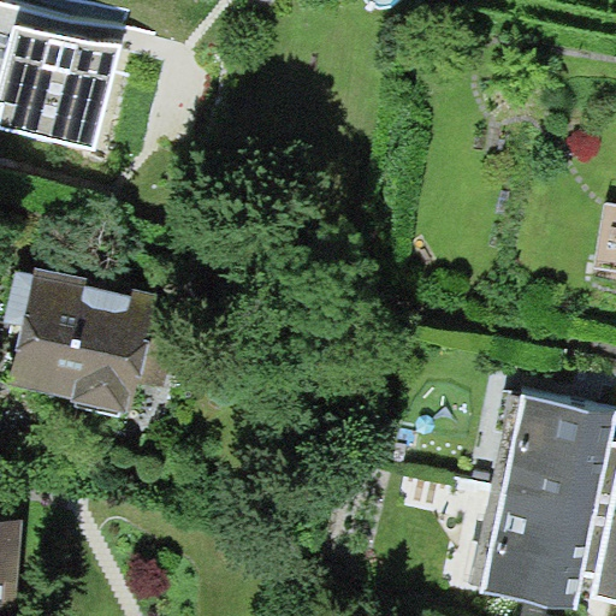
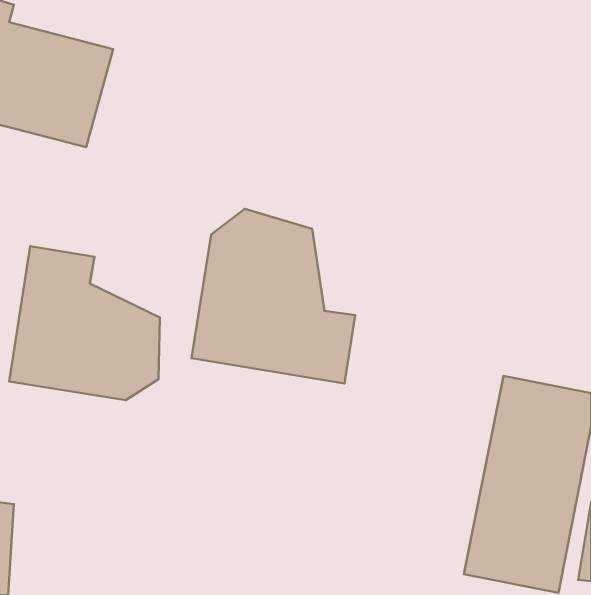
building: none -> [191,209,355,383]

